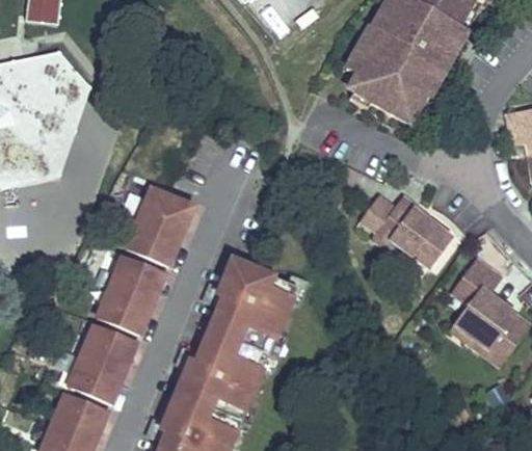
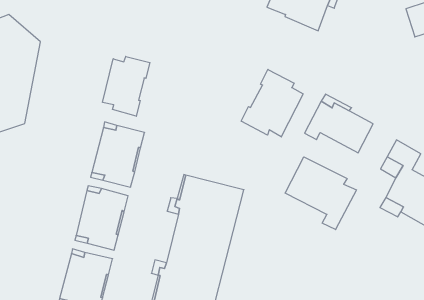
building: none -> [103,56,150,116]
building: none -> [241,69,303,137]
building: none -> [285,157,356,230]

